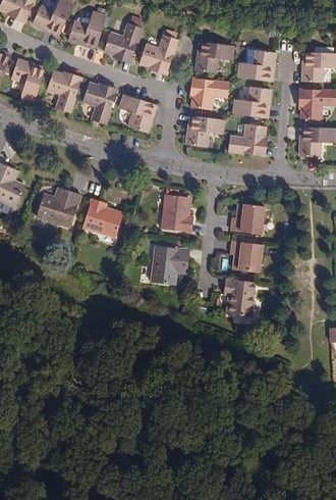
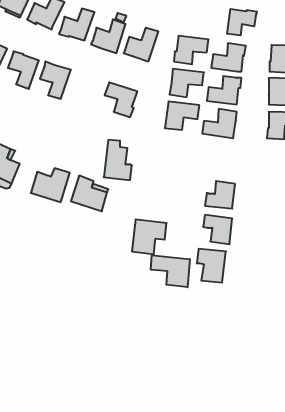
building: none -> [227,9,257,35]
building: [81,82,116,123] -> none
building: [159,188,190,233] -> [104,140,132,180]
building: none -> [151,255,190,287]

